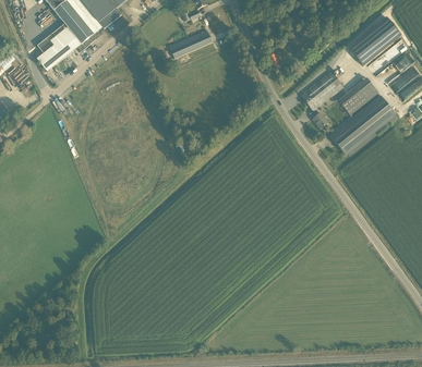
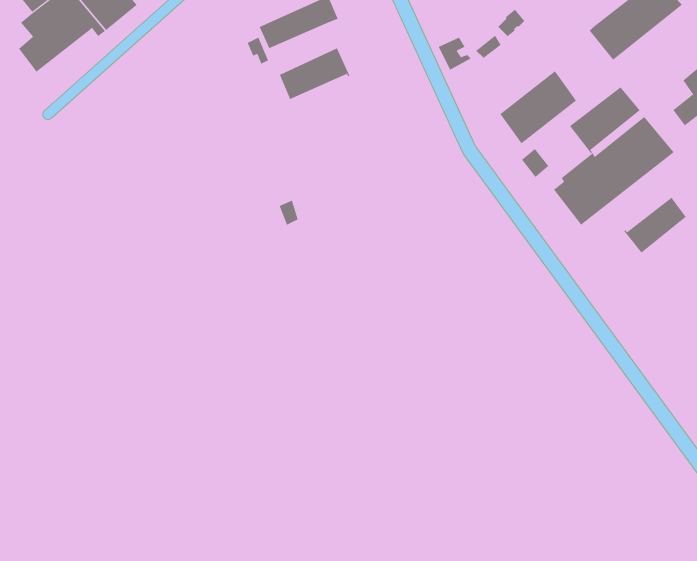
building: none -> [279,48,350,100]
building: none -> [624,197,686,253]

